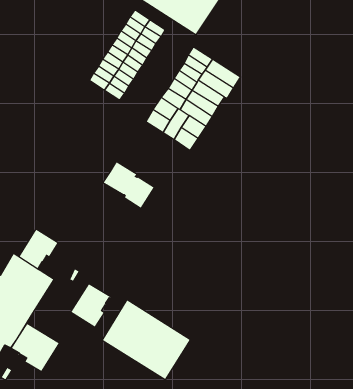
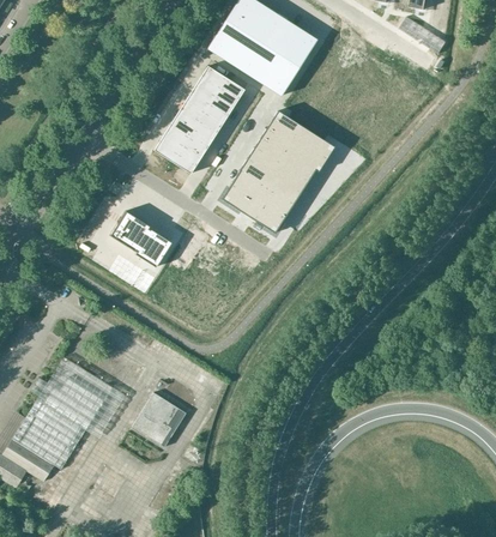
building: [103,161,154,209] -> [110,211,171,267]
building: [19,229,61,270] -> none
building: [102,299,191,380] -> none
building: [10,323,60,375] -> none

